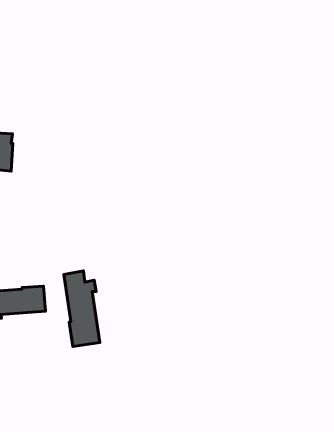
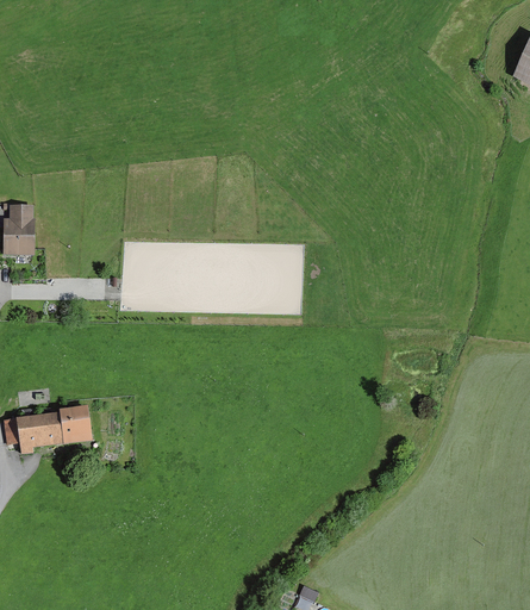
building: [64,271,100,347] -> none

